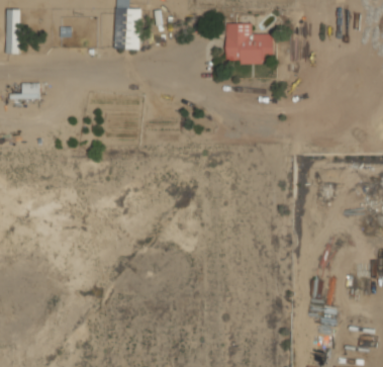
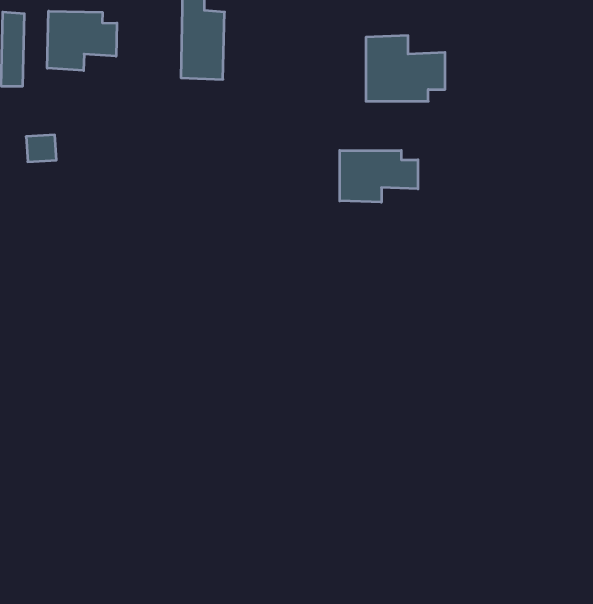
building: none -> [47,11,117,71]
building: none -> [340,150,418,202]

